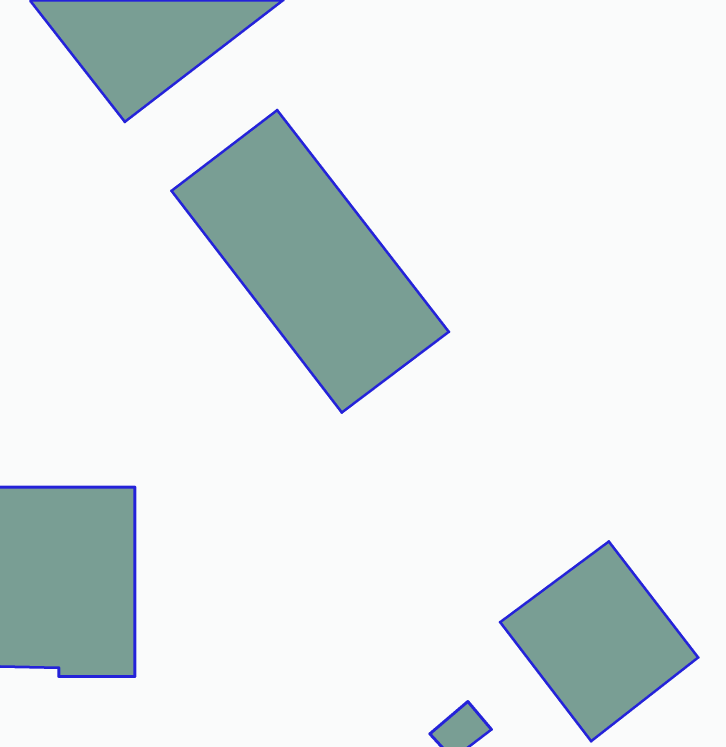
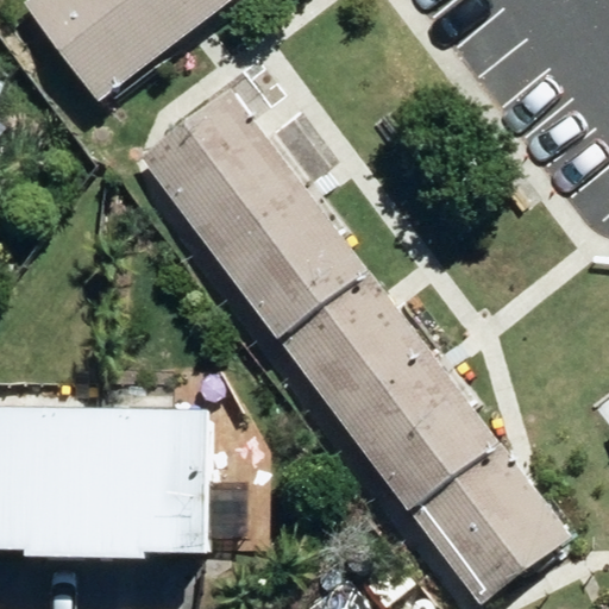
building: none -> [277,271,494,507]
building: none -> [109,397,228,552]

